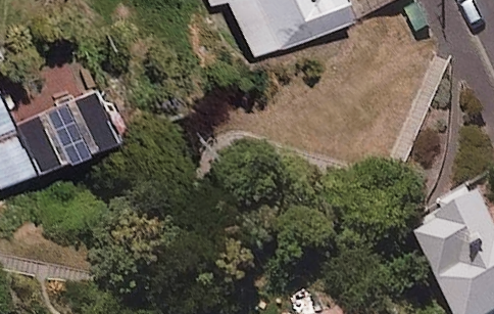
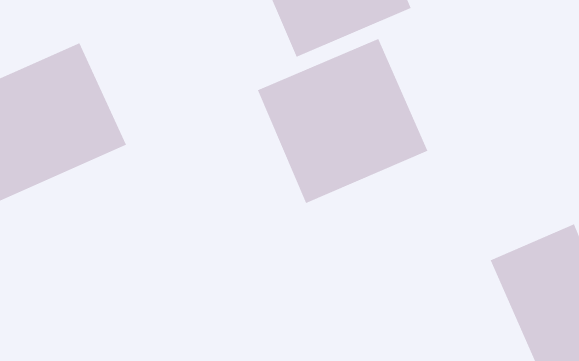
building: none -> [257,38,428,204]

